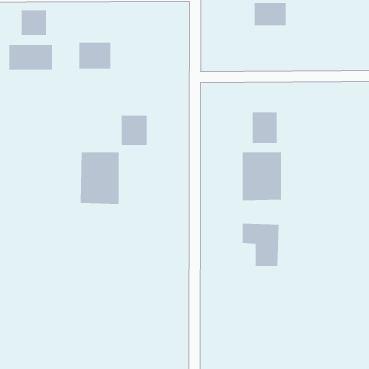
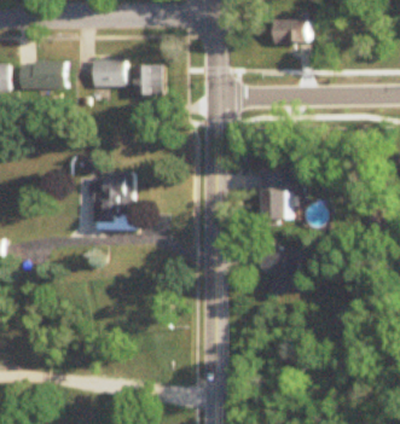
building: [21,9,47,36] -> none
building: [252,112,277,144] -> none
building: [121,115,148,146] -> [135,64,163,95]

